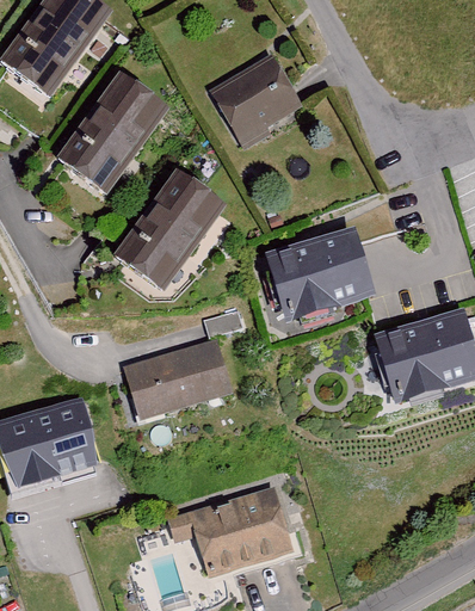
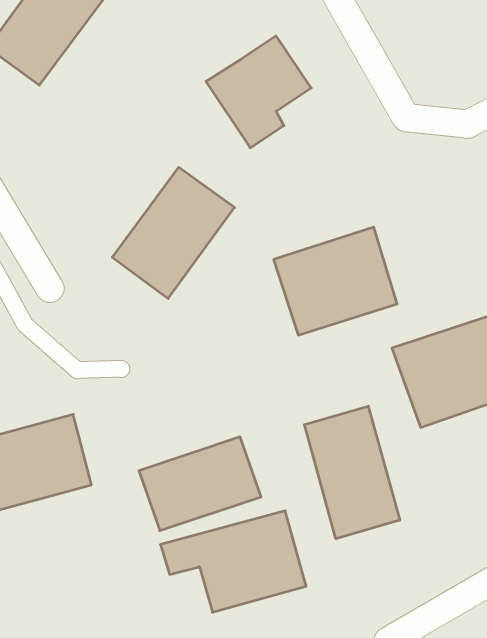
building: [55,70,168,193] -> none
building: [123,338,235,424] -> [139,437,261,531]
building: none -> [304,406,400,539]

